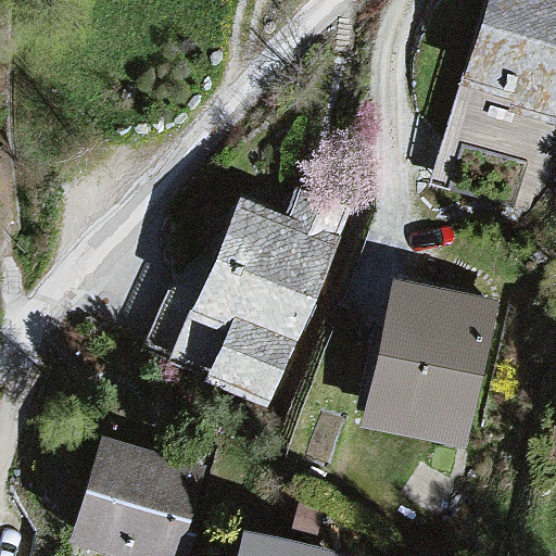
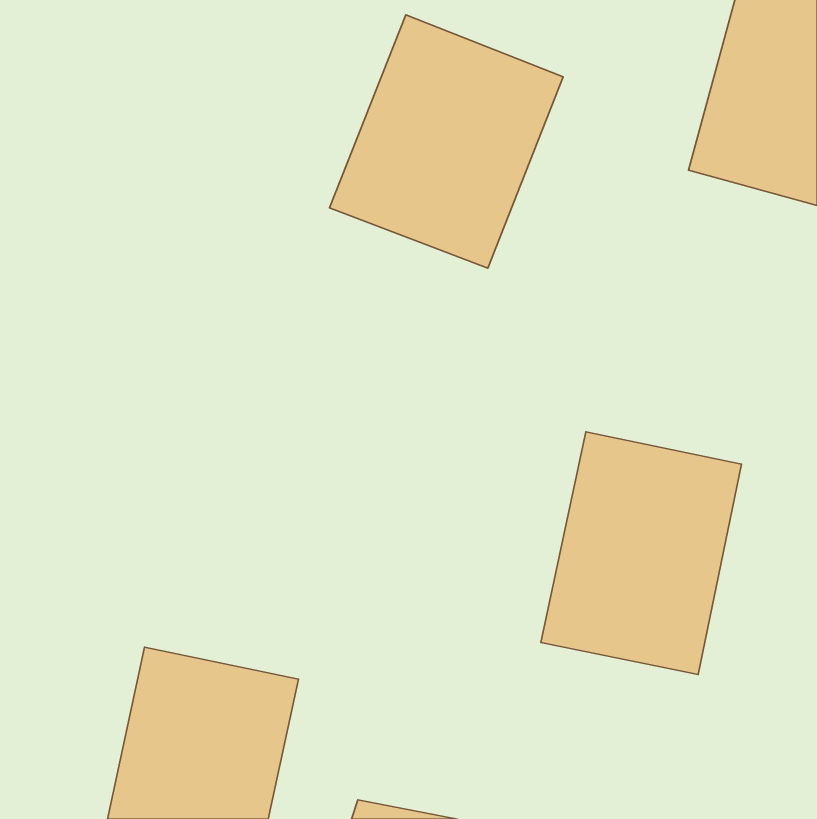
building: none -> [329,15,563,268]
building: [163,192,330,393] -> none

